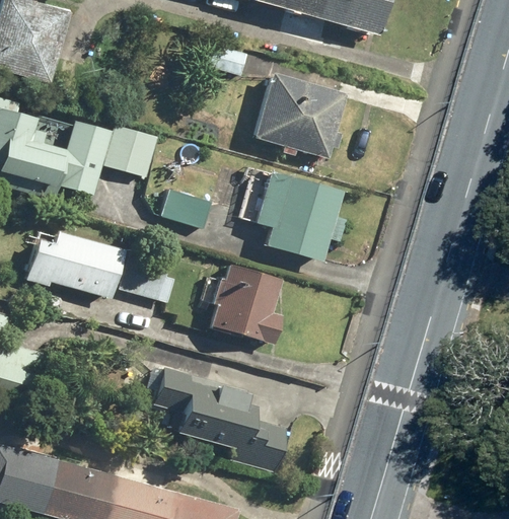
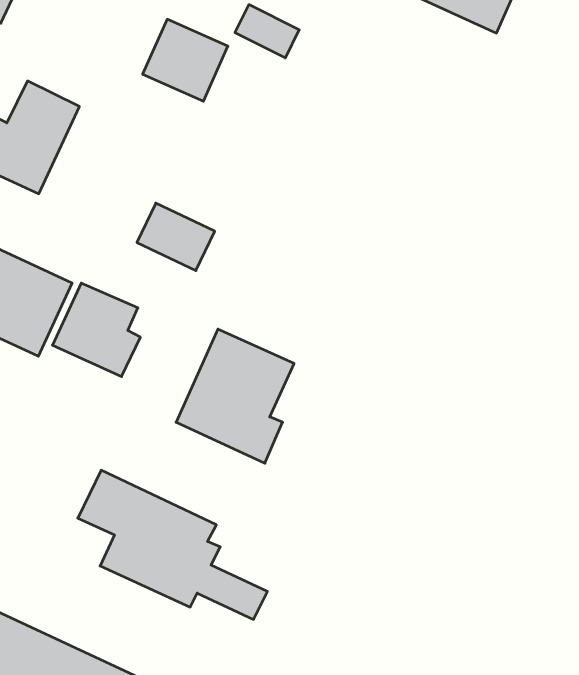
building: [252,71,347,156] -> none
building: [104,124,158,174] -> [143,19,228,101]
building: [257,168,344,261] -> none

